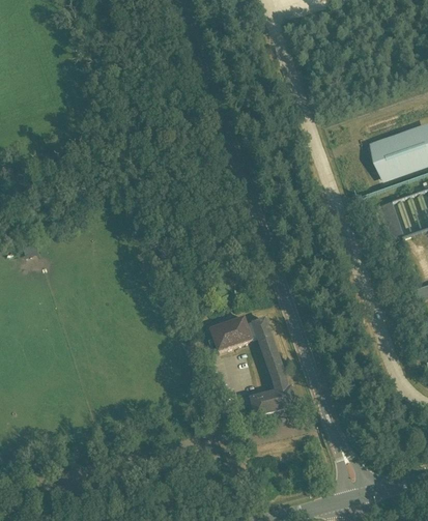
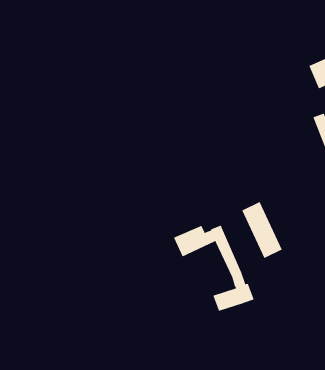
building: none -> [242,201,282,259]

